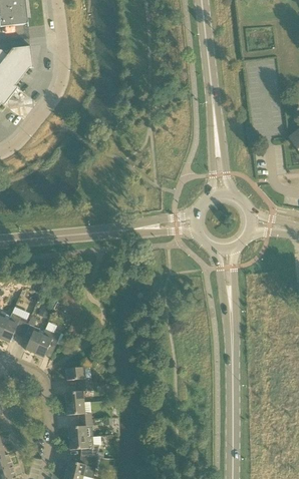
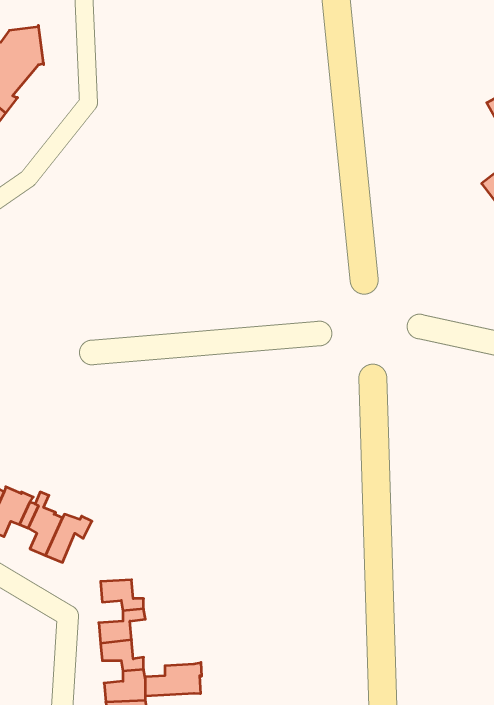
building: none -> [145,662,201,696]

